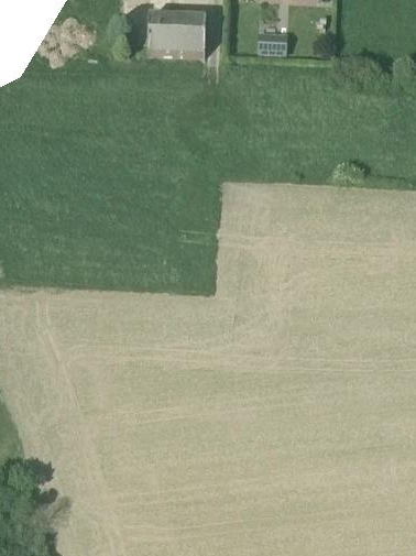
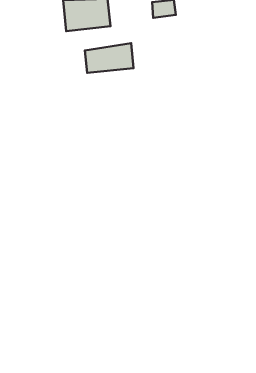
building: none -> [85,43,134,73]

